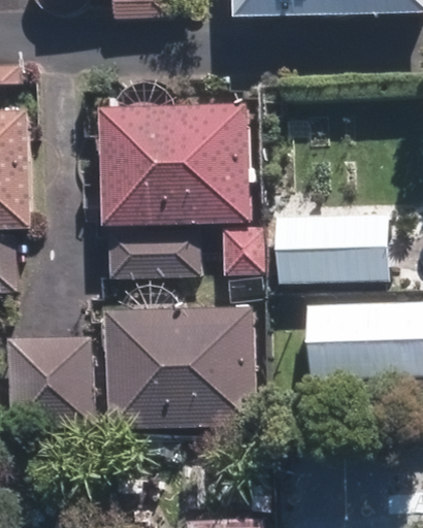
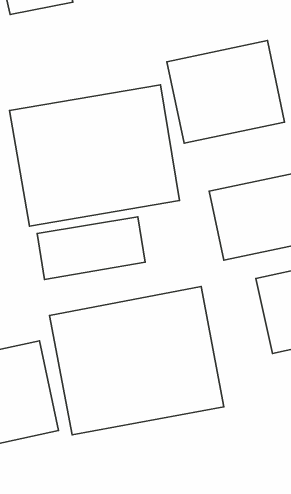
building: none -> [167,41,285,143]

